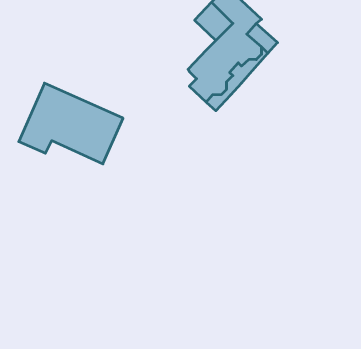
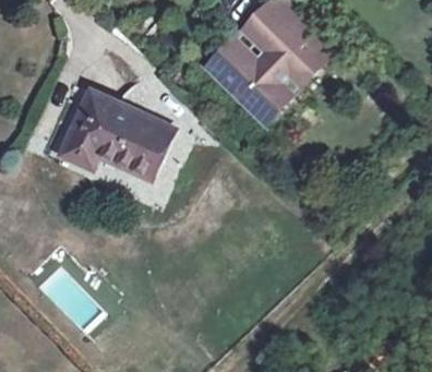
building: none -> [206,38,255,88]

